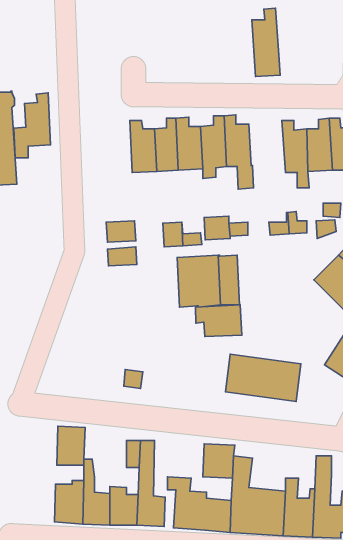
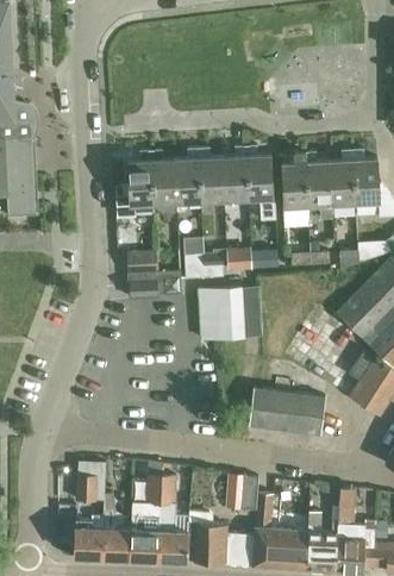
building: [252,8,280,76] -> [281,152,309,221]
building: [14,93,50,158] -> [117,152,154,218]
building: [195,305,242,336] -> none

